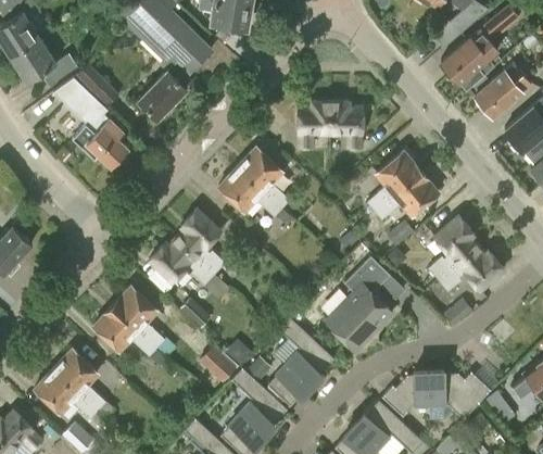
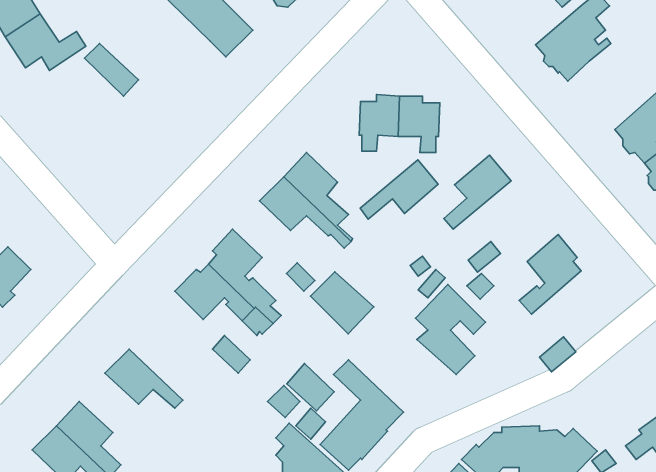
building: [138,60,190,118] -> none
building: [473,65,532,119] -> none
building: [55,80,131,167] -> none
building: [375,173,438,220] -> [360,160,438,219]
building: [438,245,504,292] -> none
building: [113,289,165,350] -> none
building: [326,301,377,351] -> [311,272,374,334]
building: [199,345,237,383] -> [287,364,334,411]

